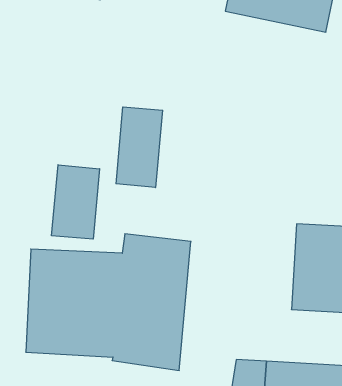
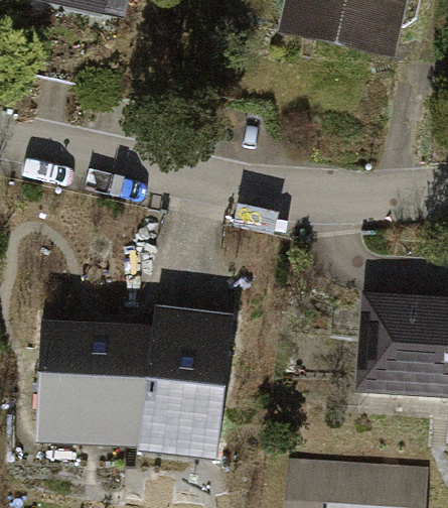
building: [116,107,163,188] -> none
building: [52,165,100,239] -> none

